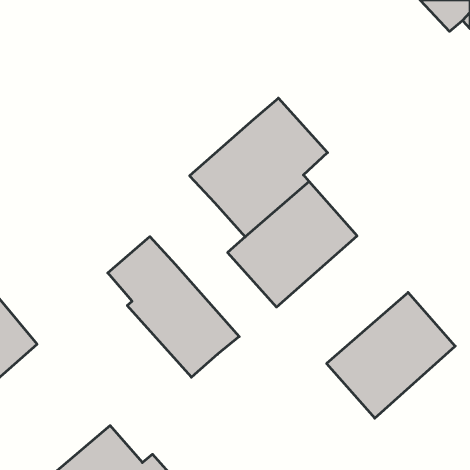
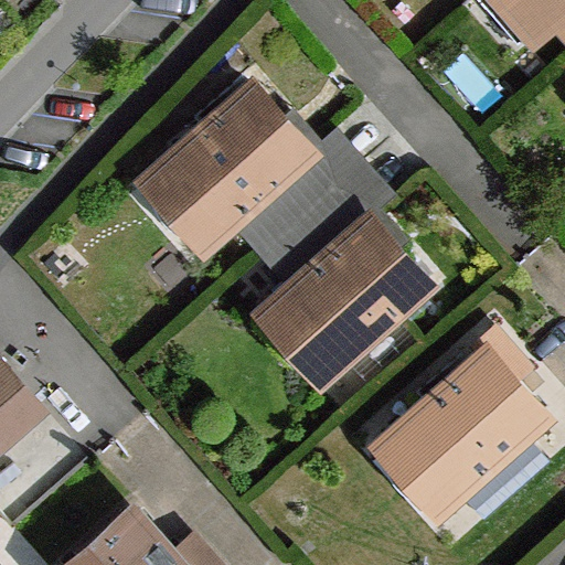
building: none -> [156,87,302,231]
building: [108,237,239,377] -> none

